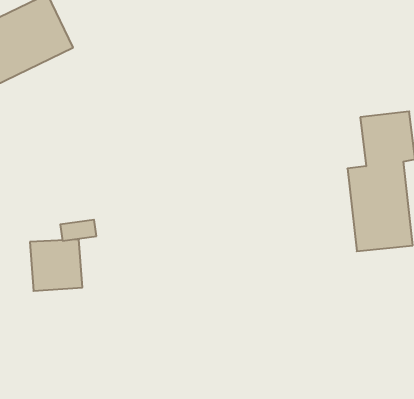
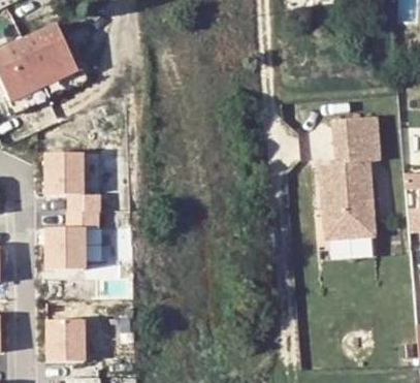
building: none -> [42,154,84,197]
building: none -> [43,321,87,363]

